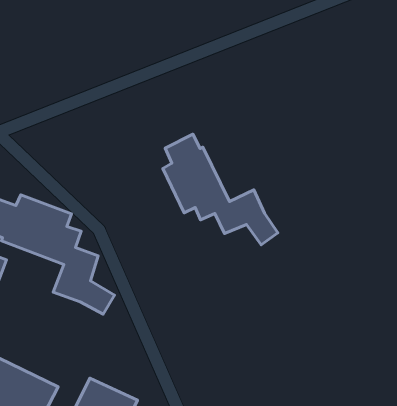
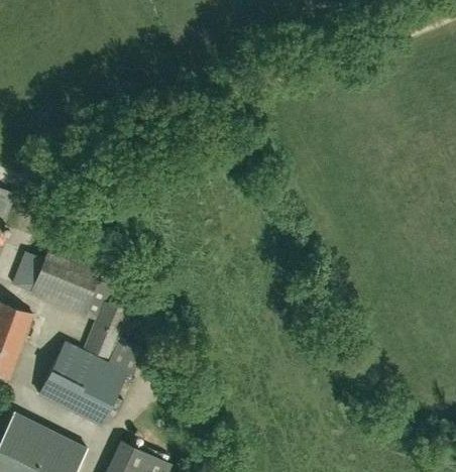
building: [163,134,278,245] -> none
building: none -> [38,342,127,425]

